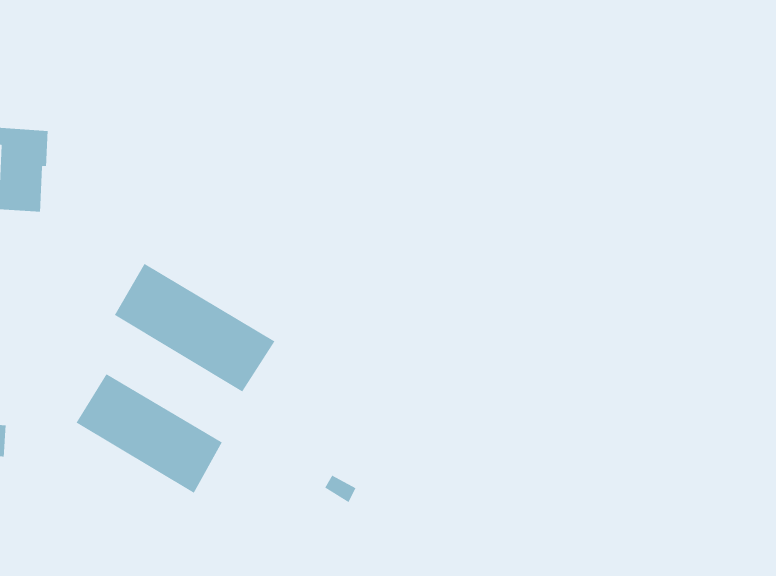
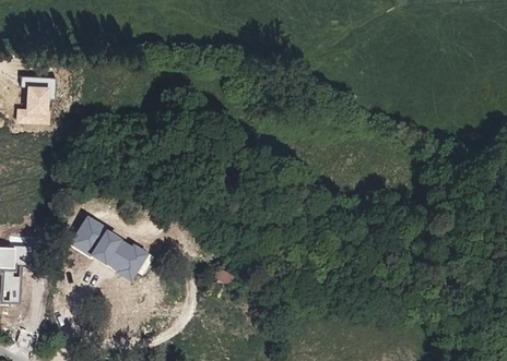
building: [114,263,276,393] -> none

